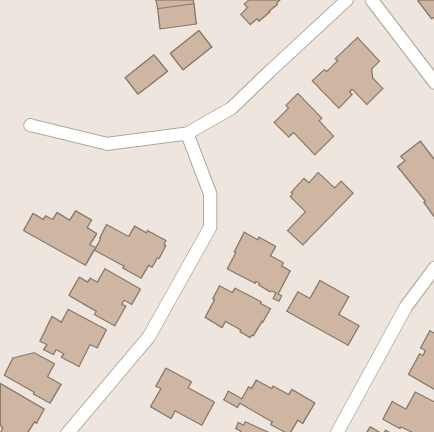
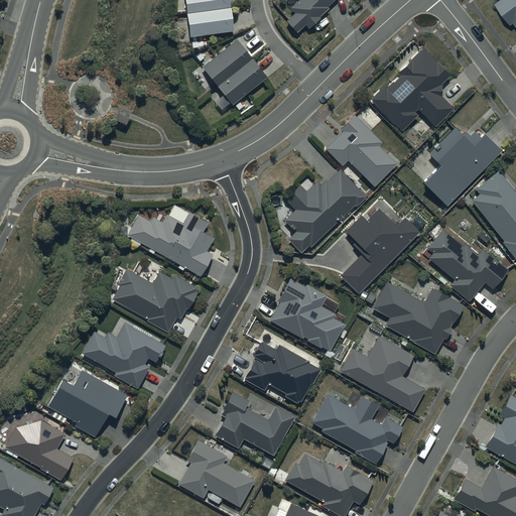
building: [125,55,168,94] -> [218,58,268,105]
building: none -> [422,127,502,206]
building: none -> [284,169,368,253]
building: none -> [423,230,509,301]
building: [24,211,97,265] -> [128,212,215,276]
building: none -> [373,281,465,354]
building: none -> [215,392,295,456]
building: none -> [312,397,404,467]

